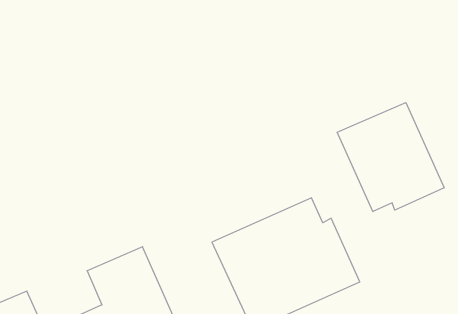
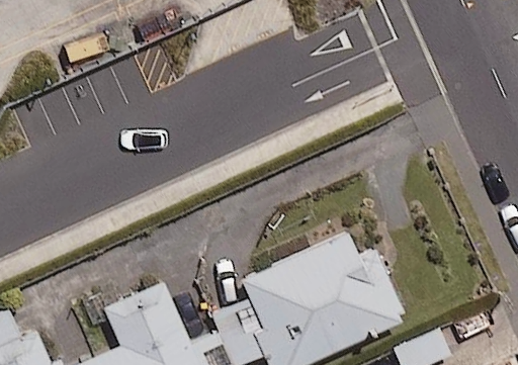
building: [337,103,444,212] -> none

